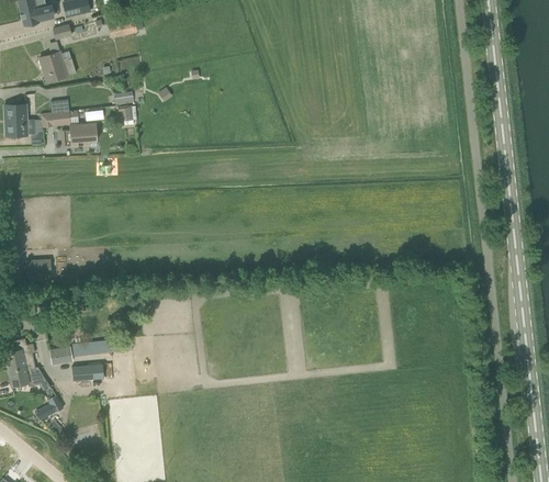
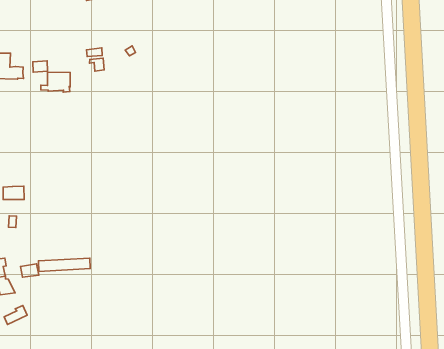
building: [38,51,76,82] -> none
building: [71,362,102,380] -> none

